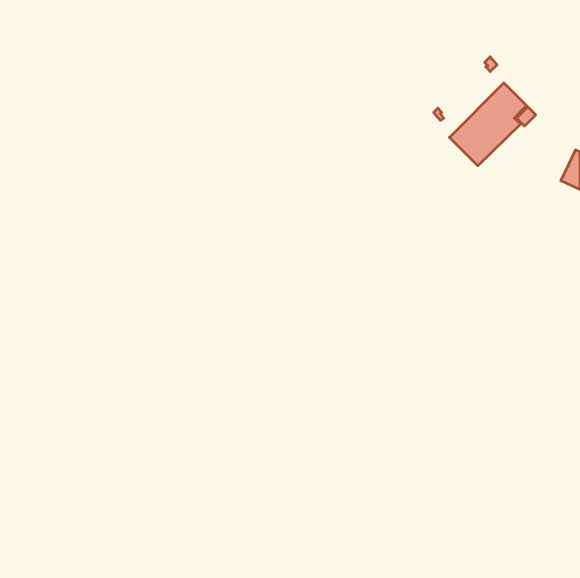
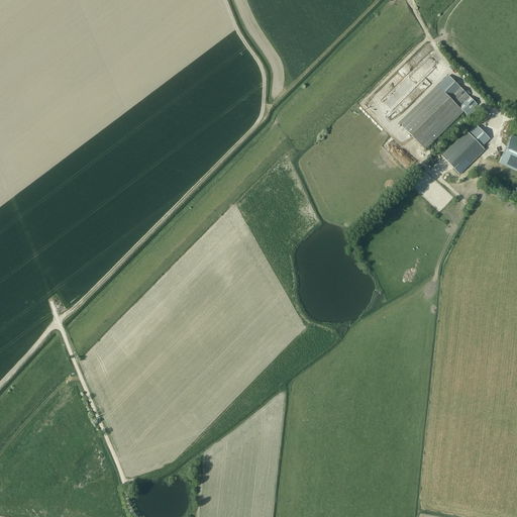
building: none -> [441,125,490,173]

